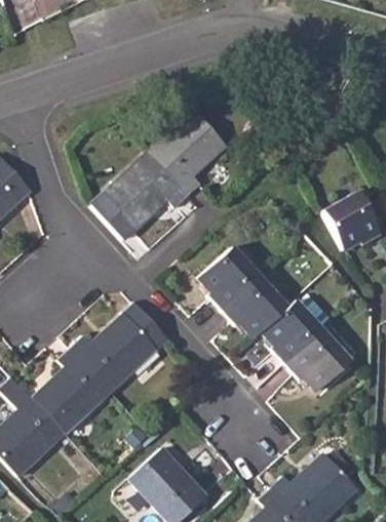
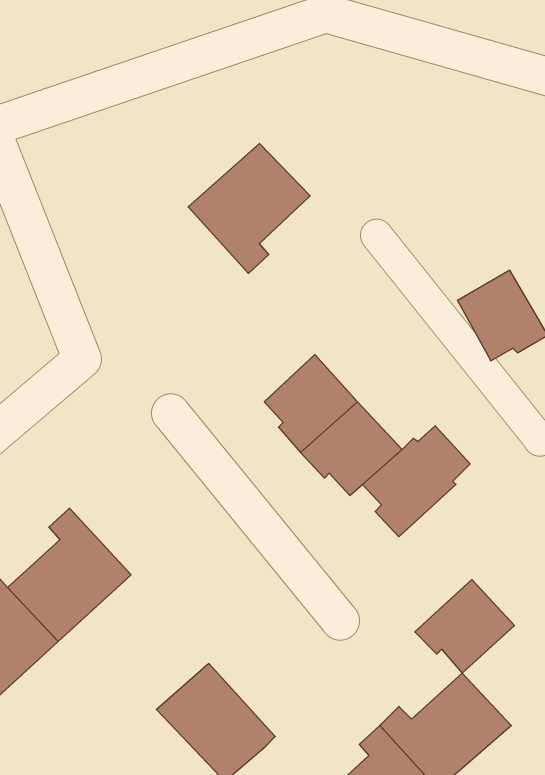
building: [91,152,188,241] -> none
building: [72,304,168,390] -> none
building: [285,331,350,392] -> [415,580,514,673]

